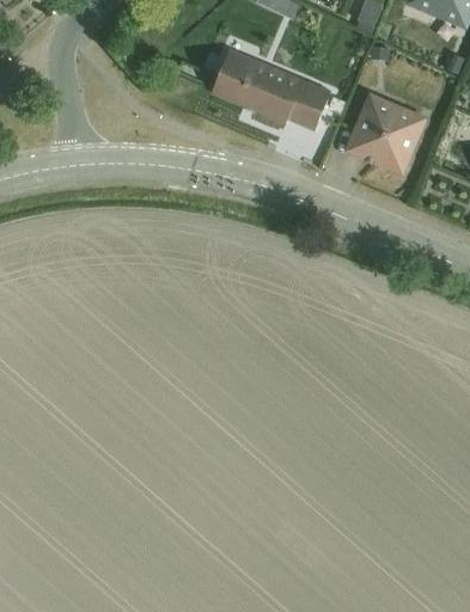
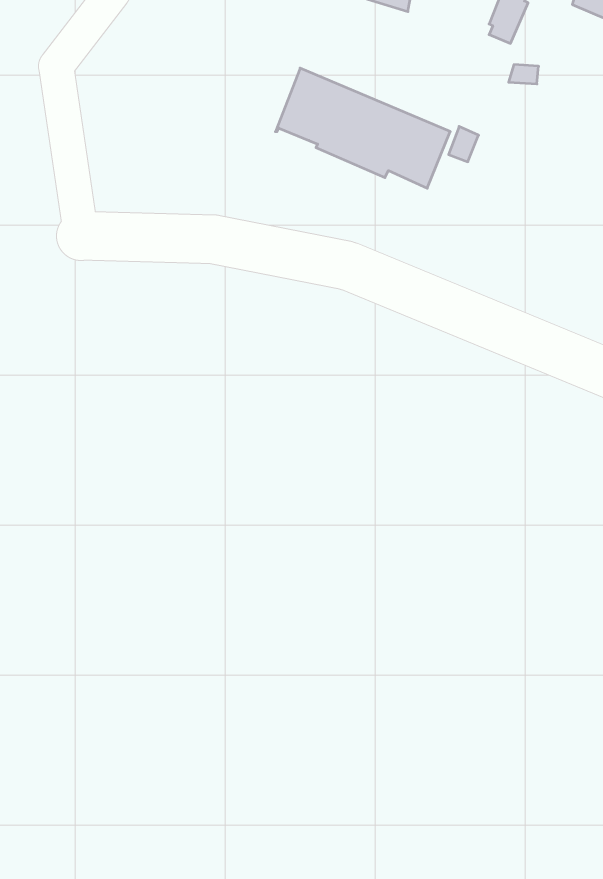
building: [347,93,423,171] -> none

